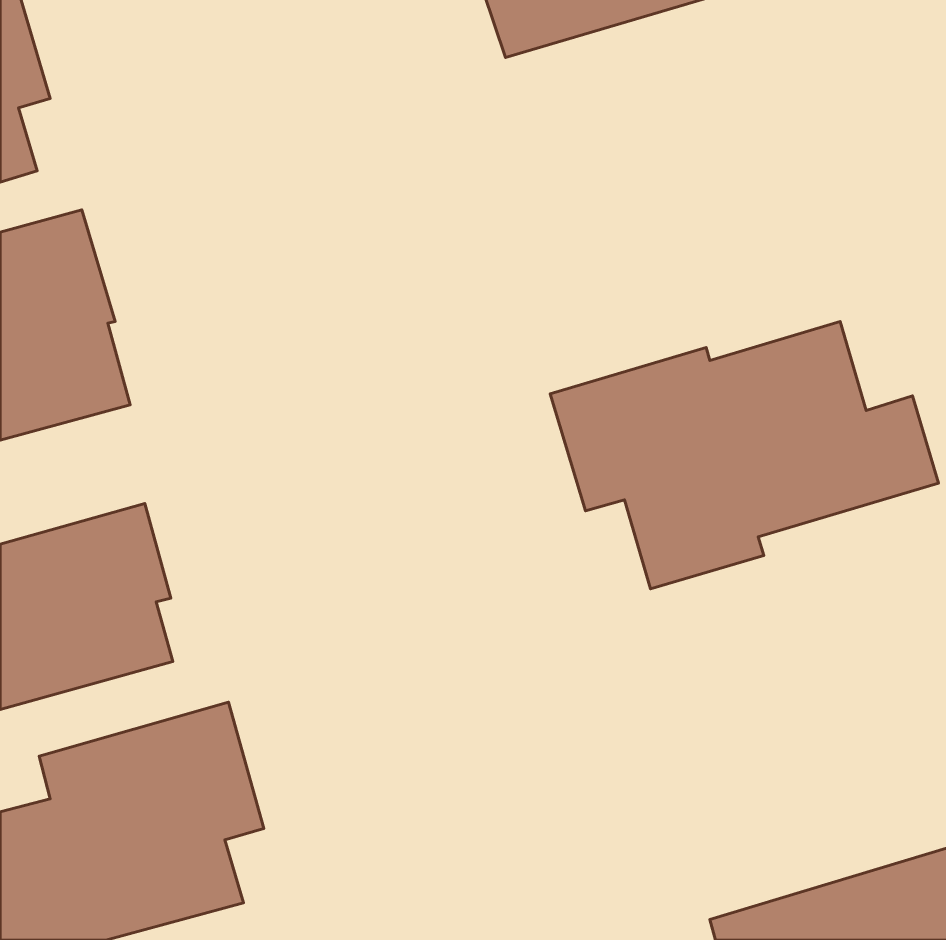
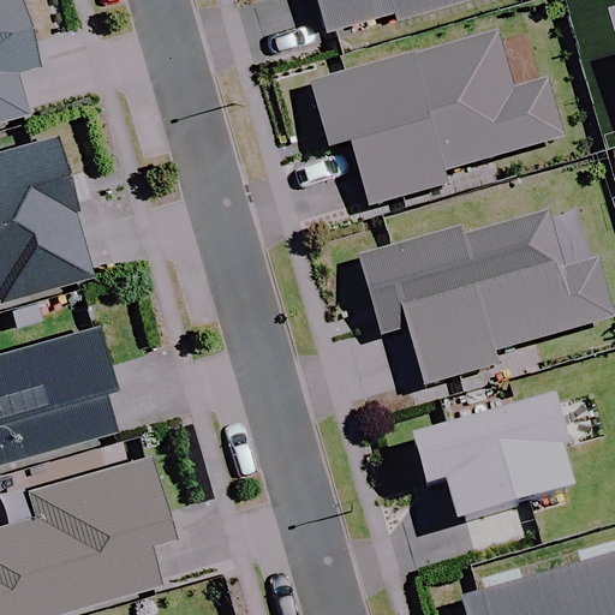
building: none -> [315,34,566,207]
building: none -> [408,390,569,518]

